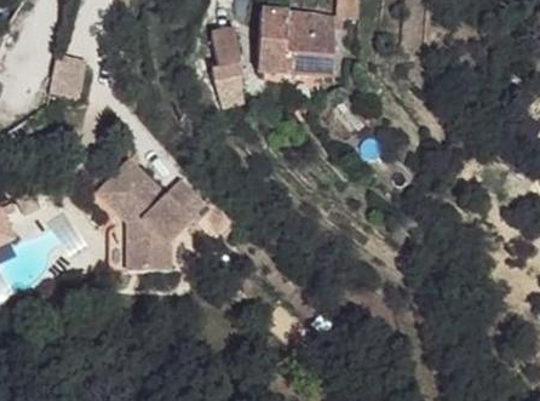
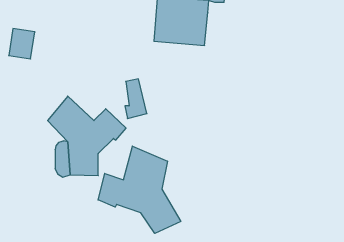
building: [209,33,241,90] -> [125,79,147,119]
building: none -> [98,146,181,233]

